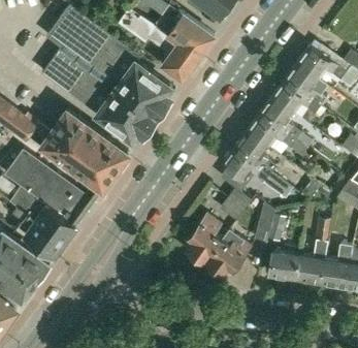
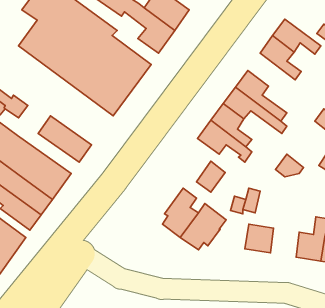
building: [272,80,320,115] -> none
building: [41,109,129,171] -> none
building: [295,218,330,284] -> none

